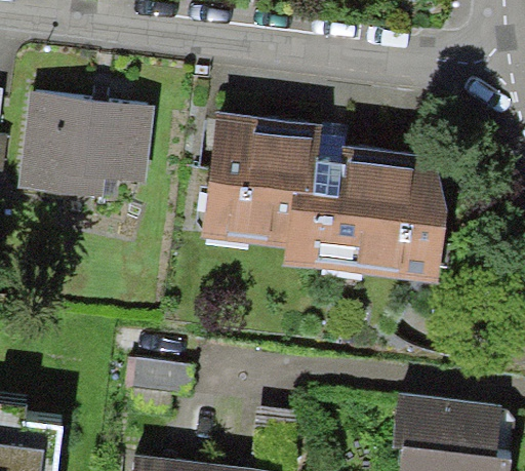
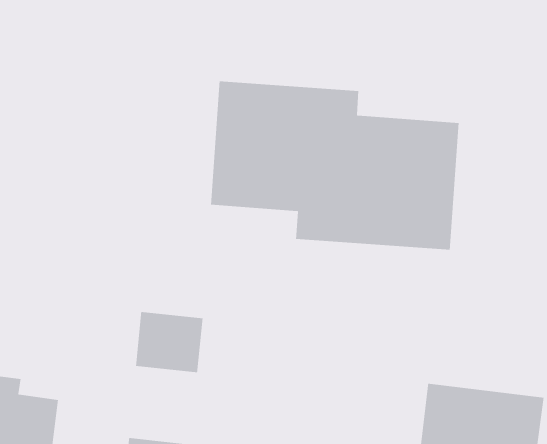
building: [17,97,151,202] -> none

